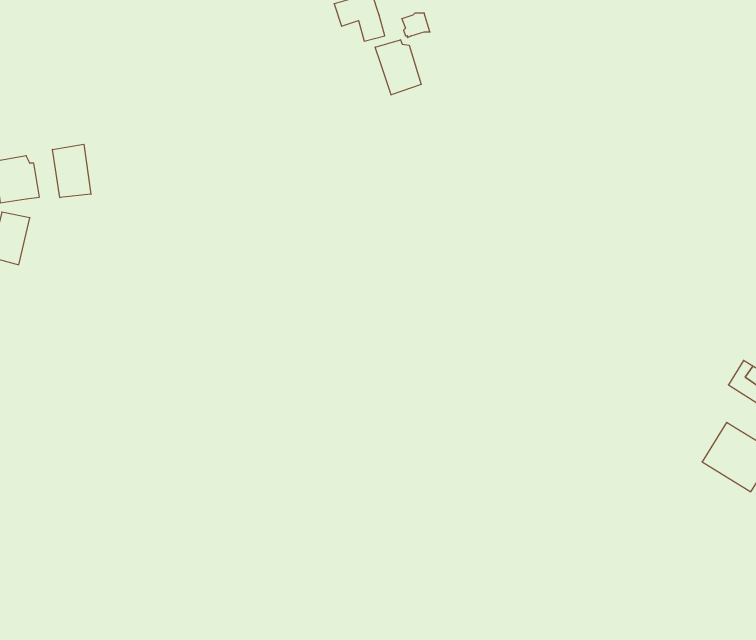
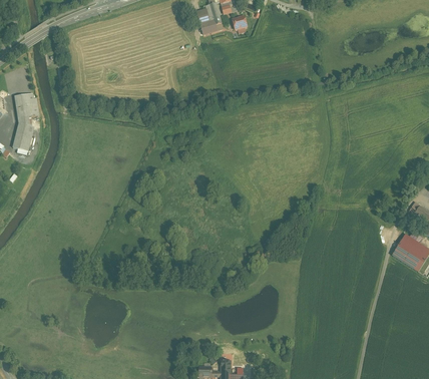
building: [375,40,421,95] -> none
building: [52,144,91,198] -> none

